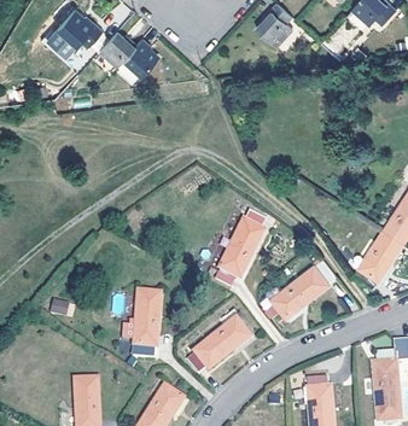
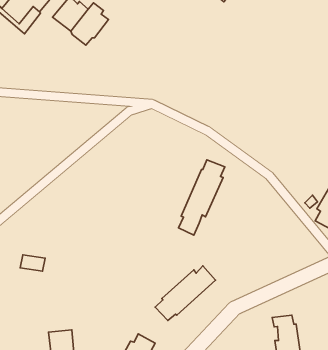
building: [275,258,337,317] -> none
building: [121,290,161,356] -> none

